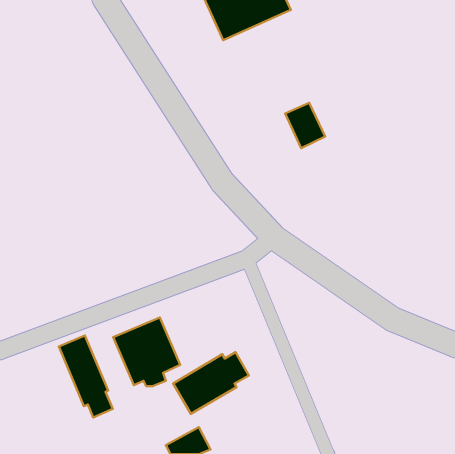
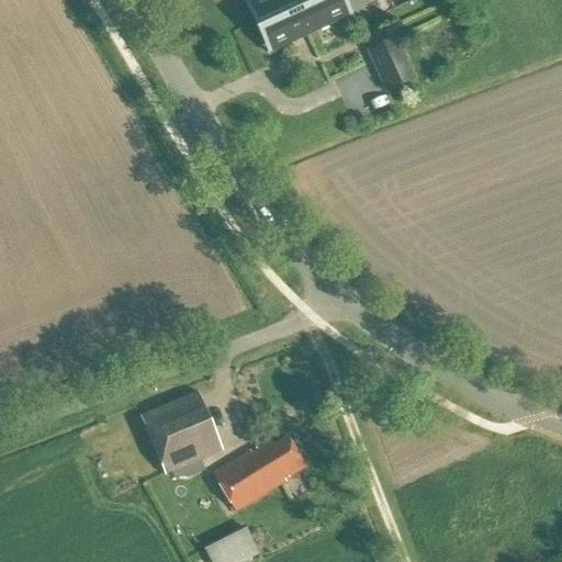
building: [285,103,325,148] -> [367,35,416,91]
building: [59,335,113,418] -> none

